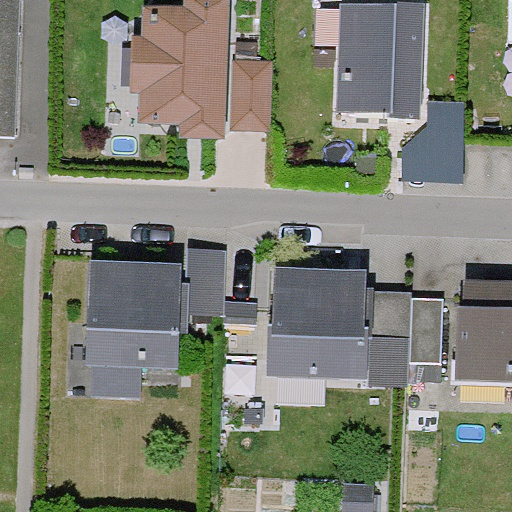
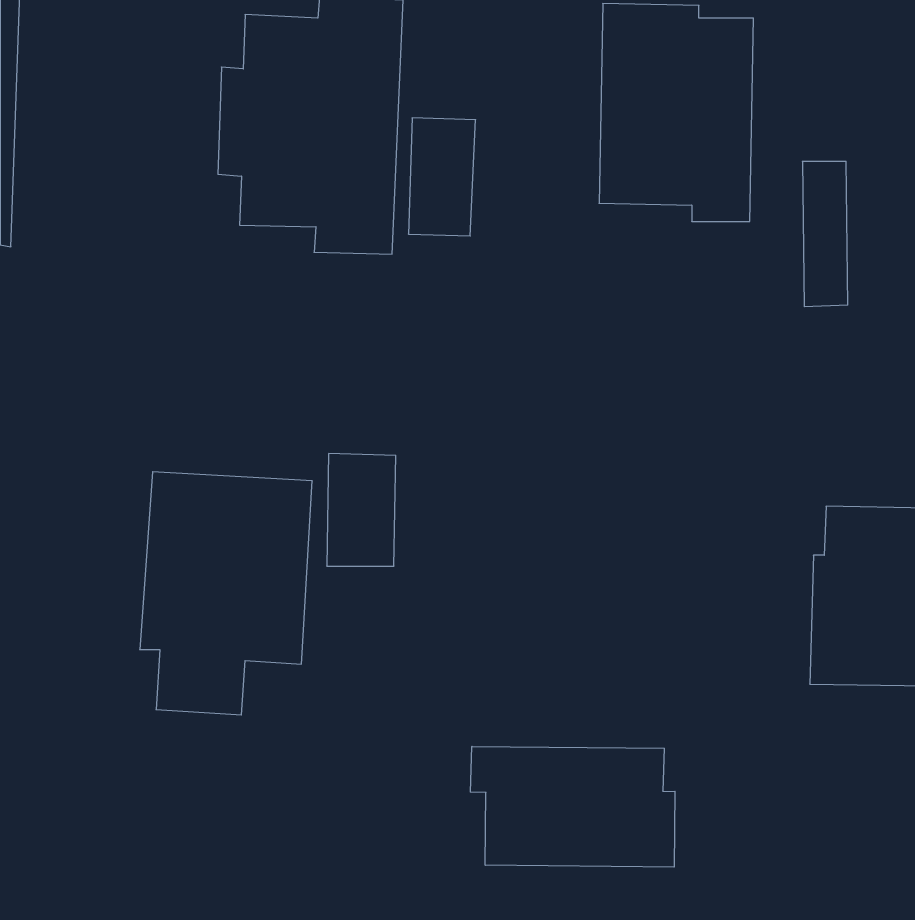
building: [269,268,365,378] -> none
building: [372,293,433,361] -> none
building: none -> [470,746,675,867]

